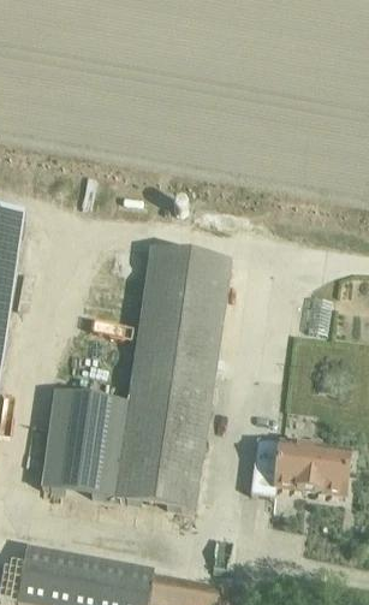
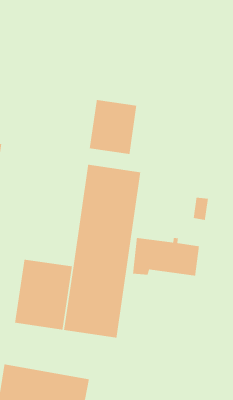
building: none -> [89,99,137,155]
building: [250,435,351,494] -> [132,237,200,276]

